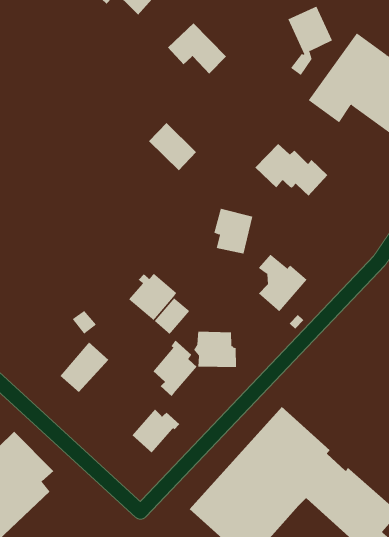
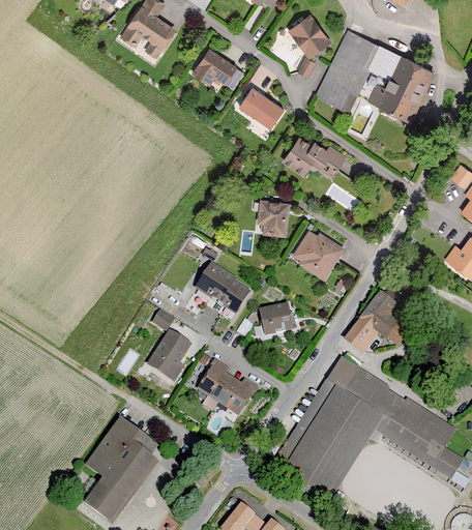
building: [148,122,197,171] -> [240,88,283,127]
building: none -> [346,290,407,353]
building: [153,339,198,397] -> [197,358,234,407]

